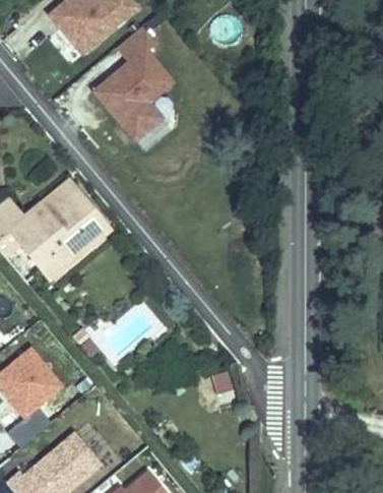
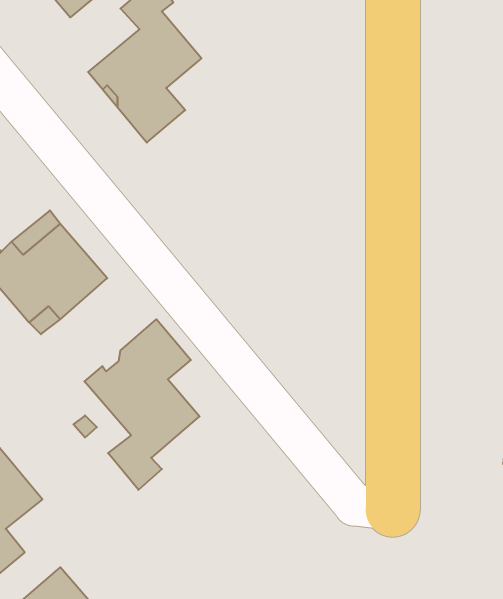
building: none -> [84,319,200,490]

